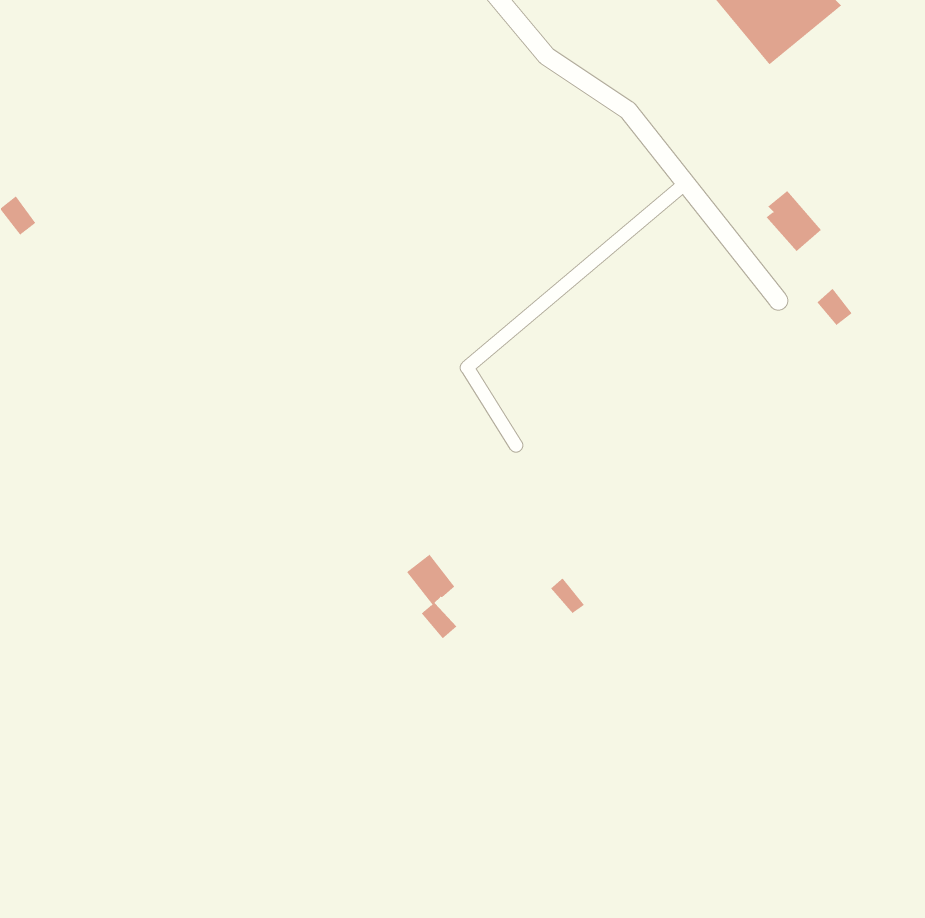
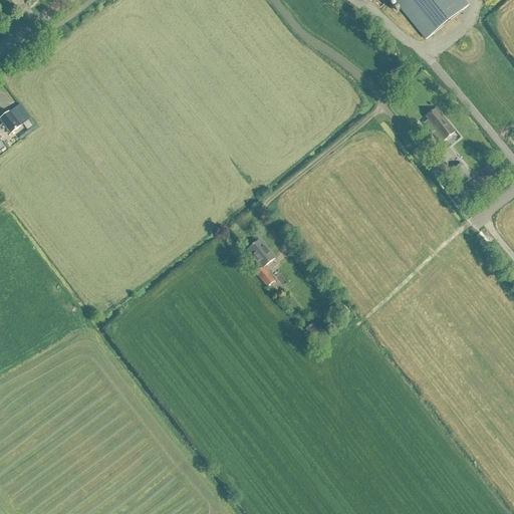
building: [406,554,457,639] -> [247,237,275,284]

